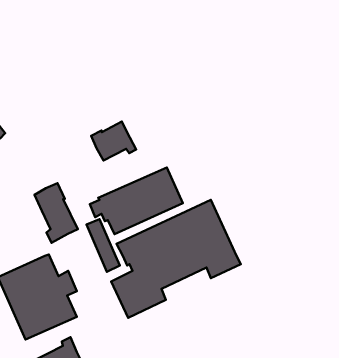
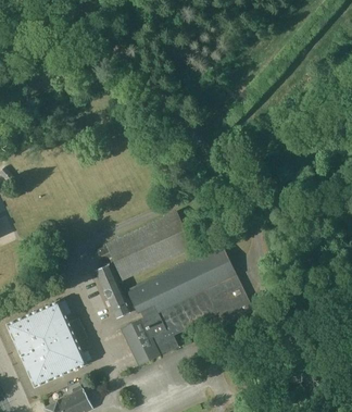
building: [91,121,136,161] -> none
building: [34,183,78,243] -> none

